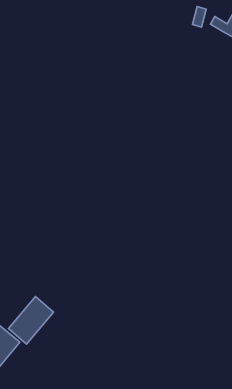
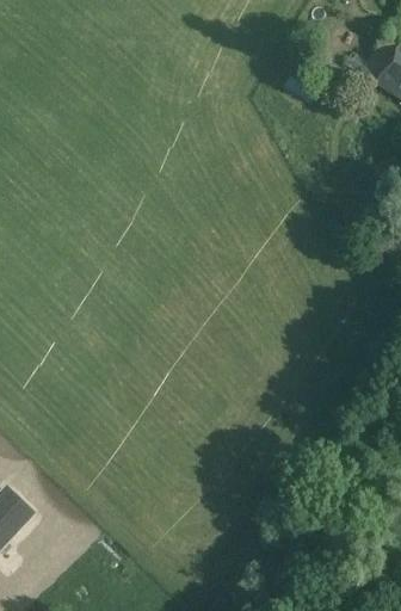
building: [9,296,53,344] -> none

